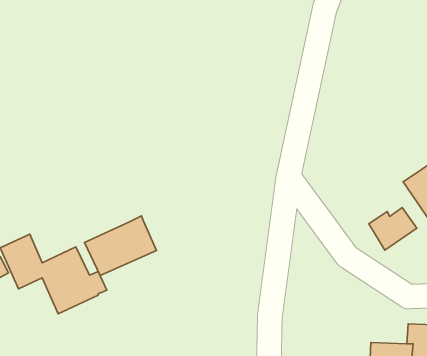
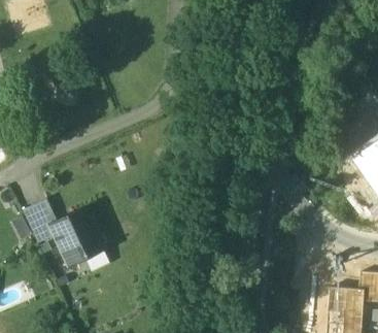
building: [369,208,417,250] -> none
building: [84,216,156,276] -> none

